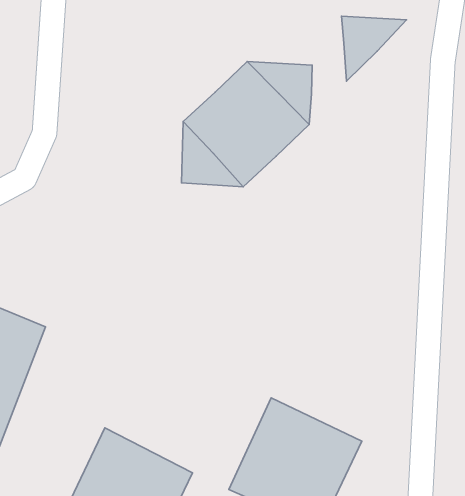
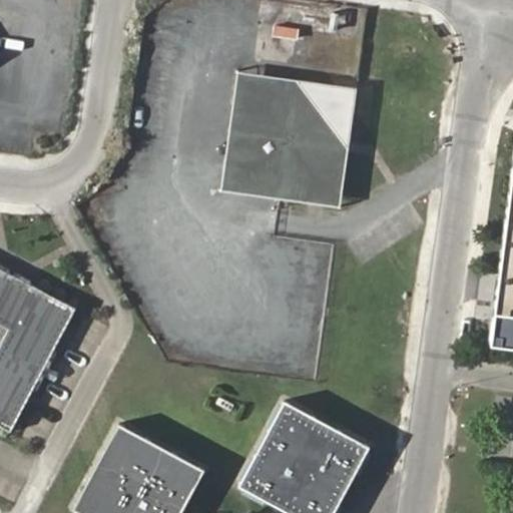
building: [342,16,407,81] -> none
building: none -> [227,74,294,132]
building: none -> [279,146,347,207]

